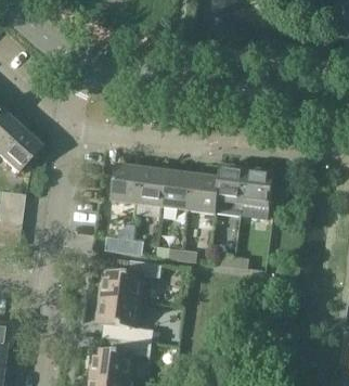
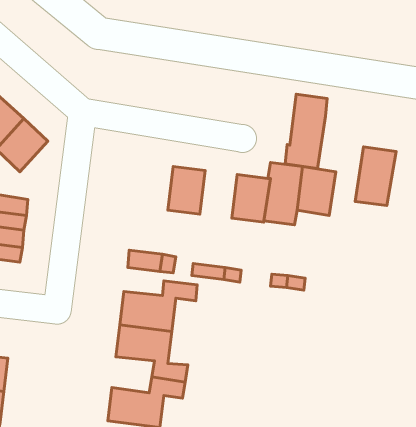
building: none -> [285,94,327,169]
building: none -> [355,147,396,206]
building: [113,164,143,203] -> none
building: [165,170,195,209] -> none

